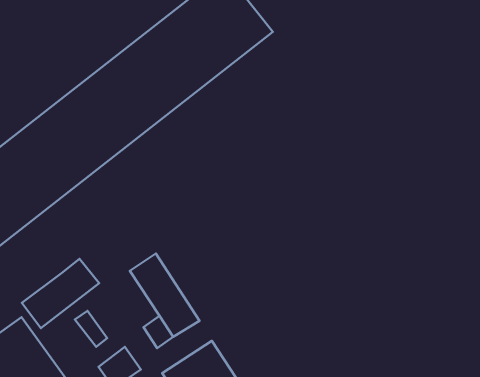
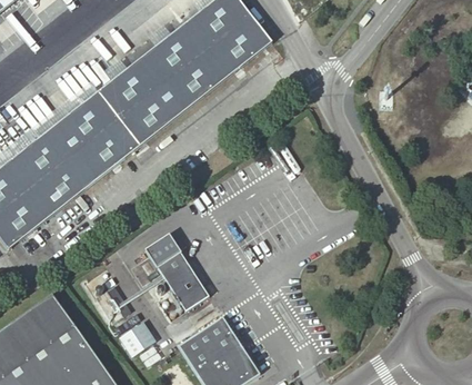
building: [22,259,99,328] -> none

